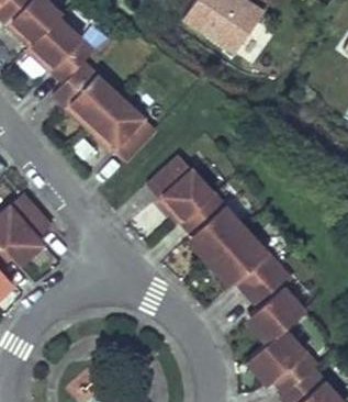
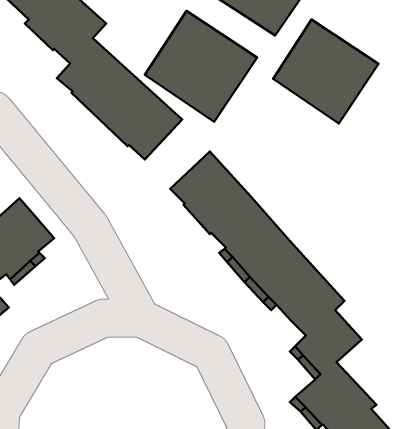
building: none -> [145,11,257,122]
building: none -> [273,20,378,124]

